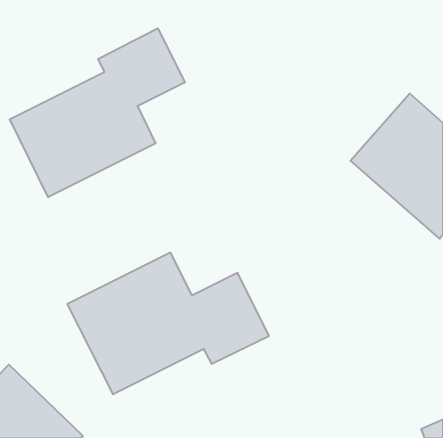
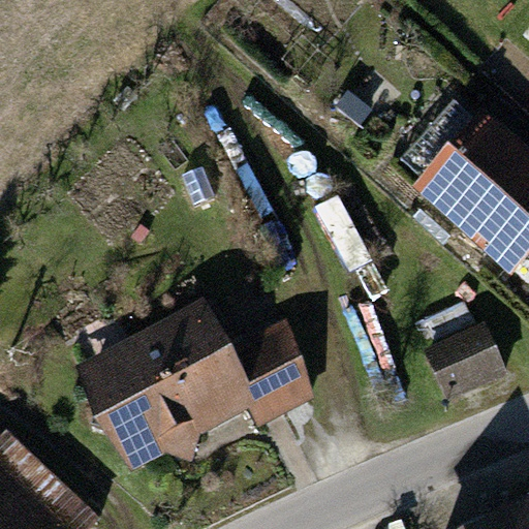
building: [10,28,185,197] -> none
building: none -> [424,322,507,402]

